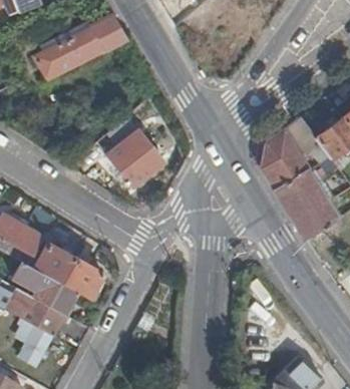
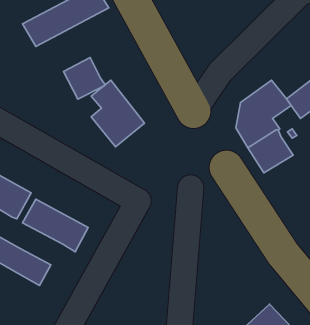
building: none -> [63,57,105,99]
building: [293,197,337,238] -> none
building: [15,263,78,314] -> none
building: [19,319,53,365] -> none

